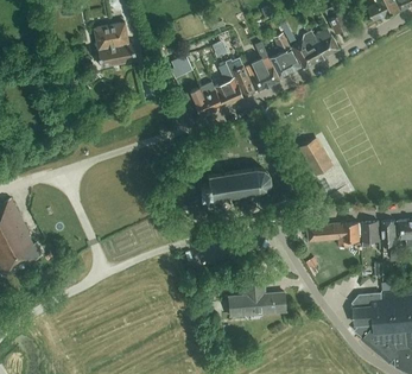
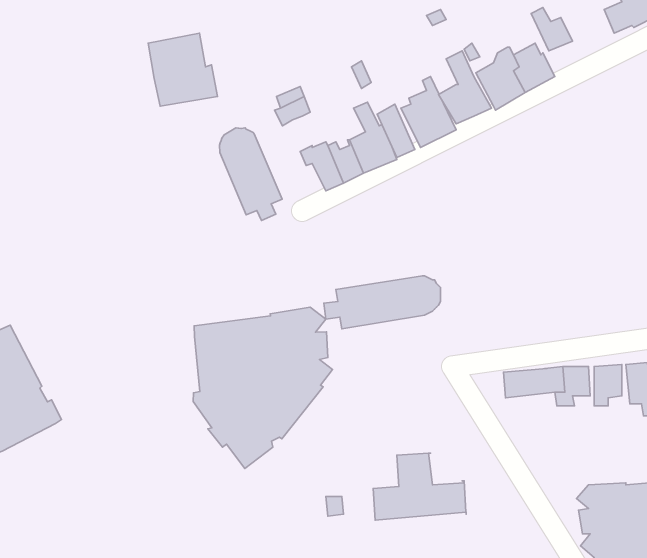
building: none -> [220,128,282,221]
building: [298,139,331,177] -> none
building: none -> [193,307,332,468]

